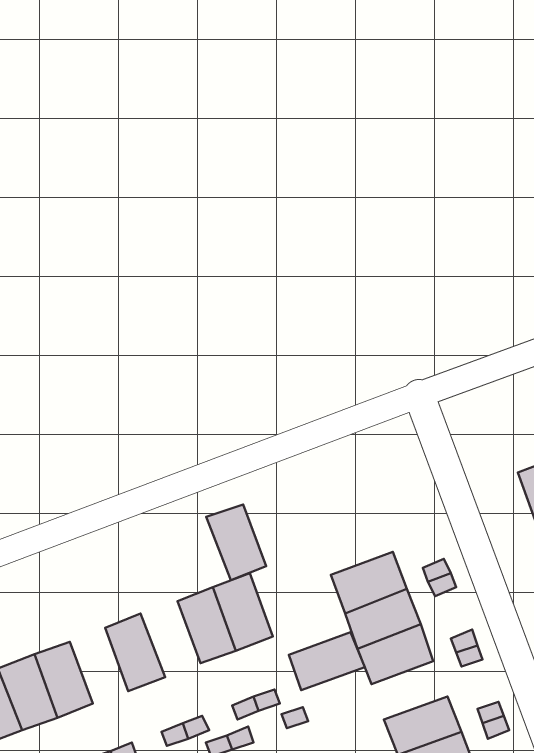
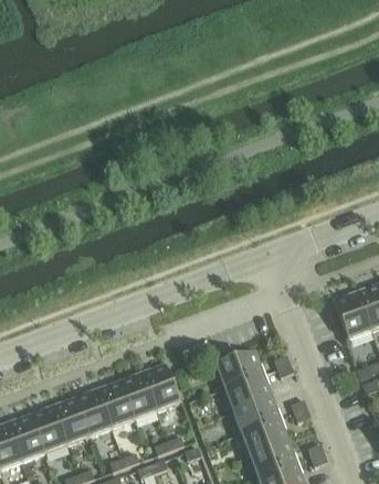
building: [206,504,266,580] -> [96,380,134,428]
building: none -> [52,397,88,444]
building: [289,632,365,690] -> [241,418,288,454]

